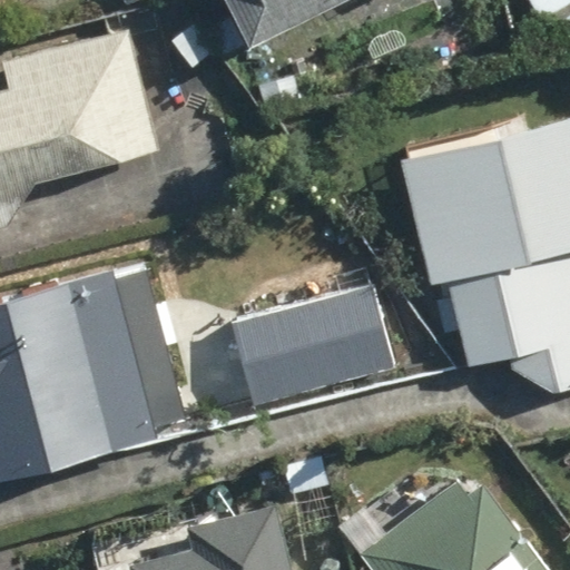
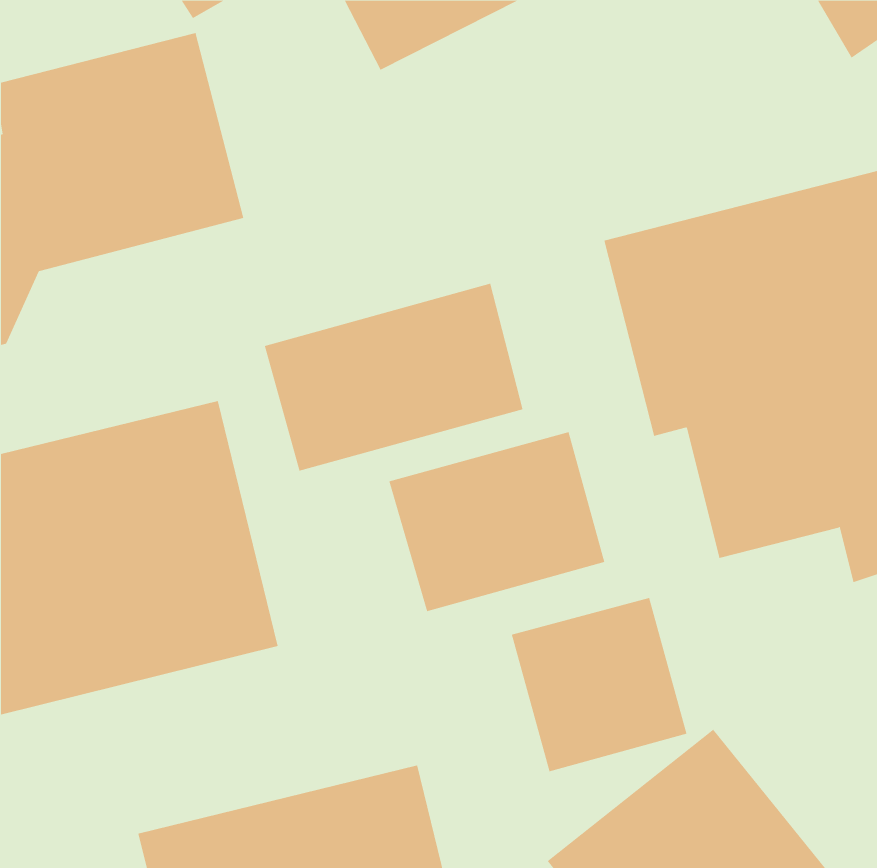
building: none -> [264,283,523,471]
building: none -> [511,597,687,772]

